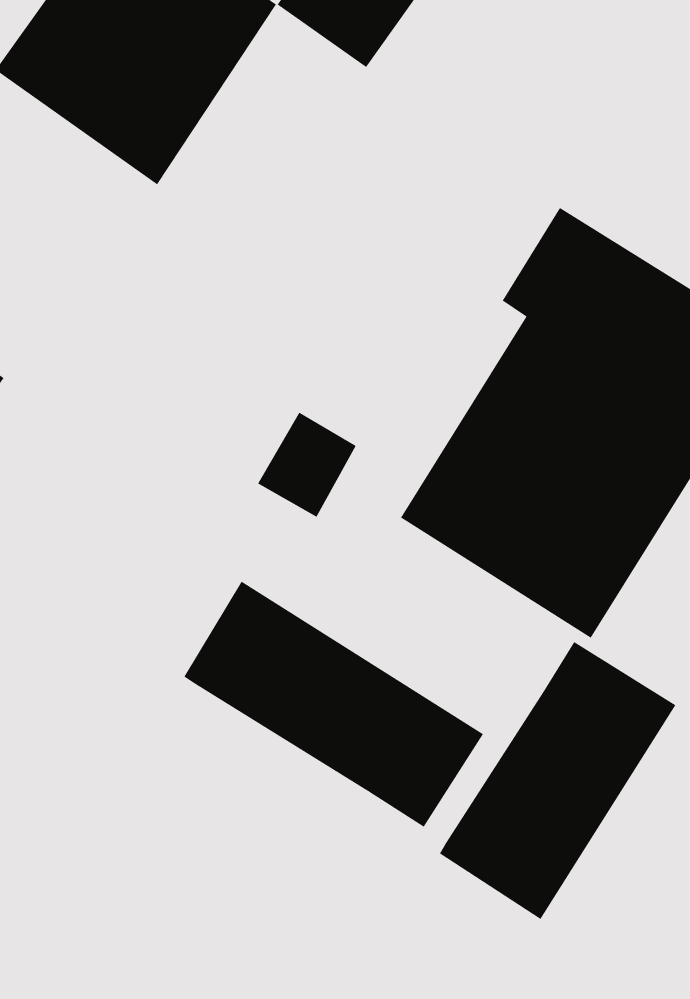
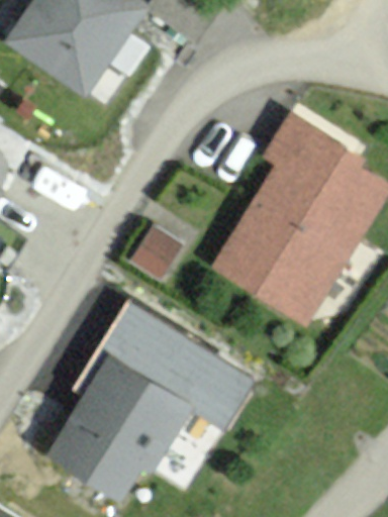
building: [439,641,676,920] -> none
building: none -> [39,351,193,506]

